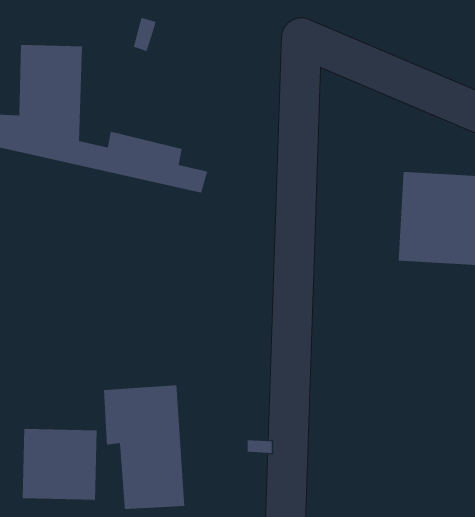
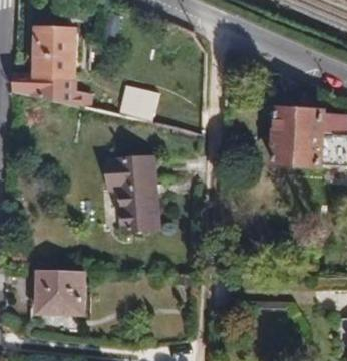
building: [103,385,185,510] -> [107,154,158,233]

